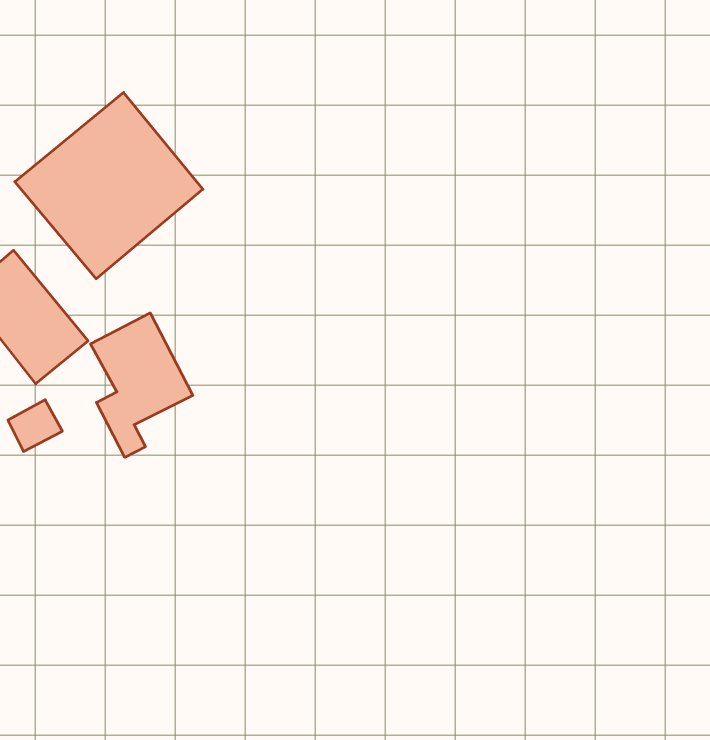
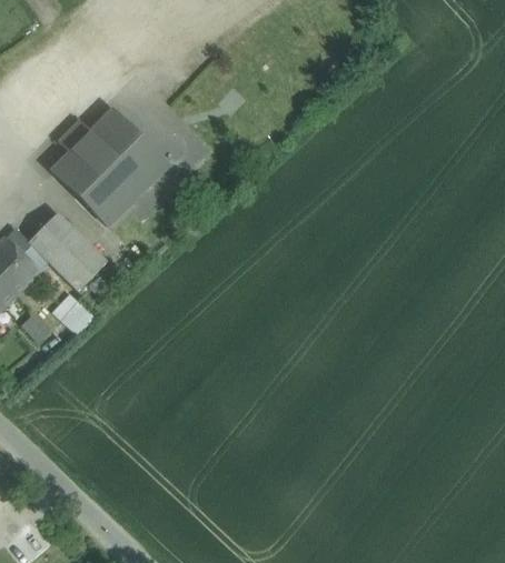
building: [91,313,193,457] -> none

